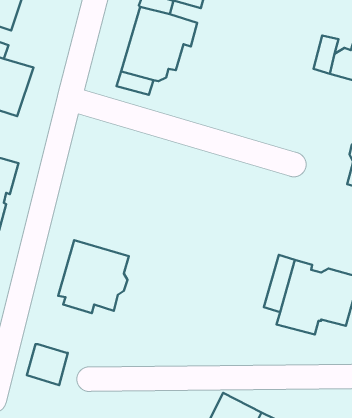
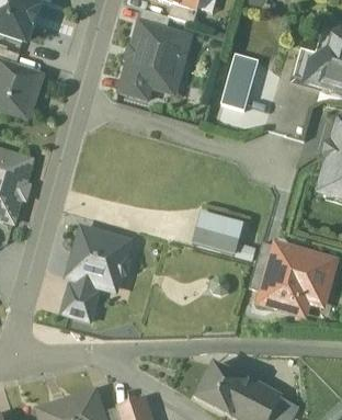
building: none -> [221,53,259,110]
building: none -> [190,209,243,253]
building: [27,344,68,385] -> [61,285,98,321]

